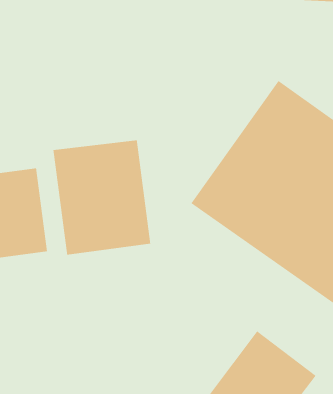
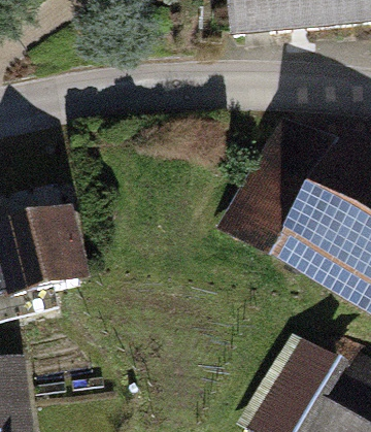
building: [53,139,151,255] -> none

